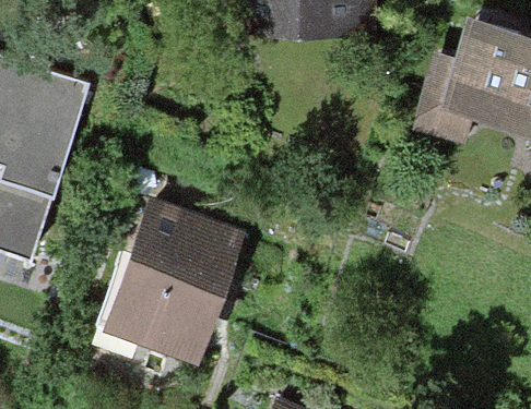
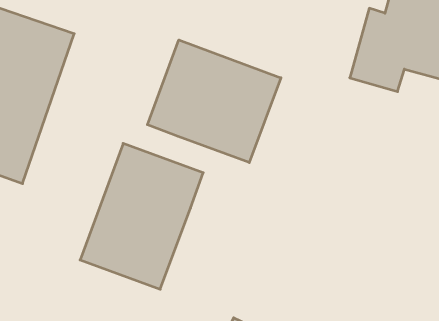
building: none -> [147,40,281,163]

